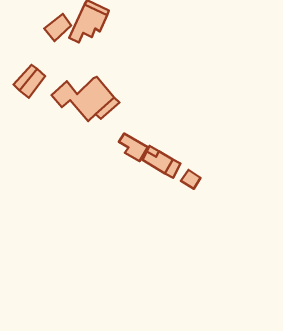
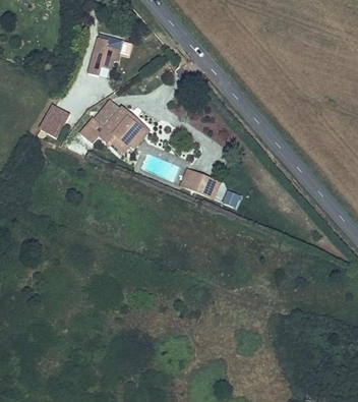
building: [44,14,71,41] -> [92,99,118,127]
building: [119,134,148,161] -> none

